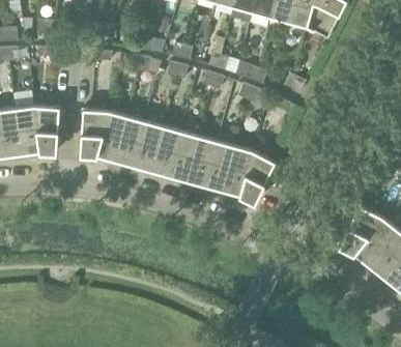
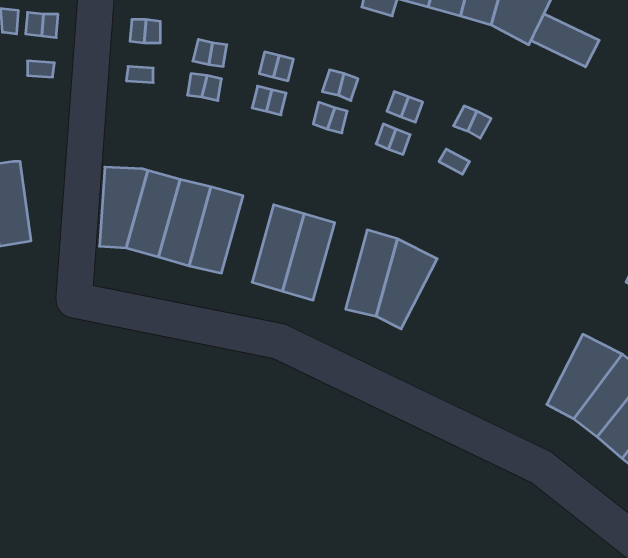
building: none -> [532,14,599,67]
building: [34,107,59,153] -> none
building: [150,126,180,176] -> none
building: [203,142,234,192] -> none

